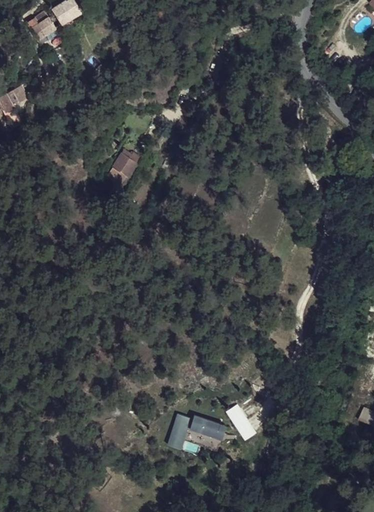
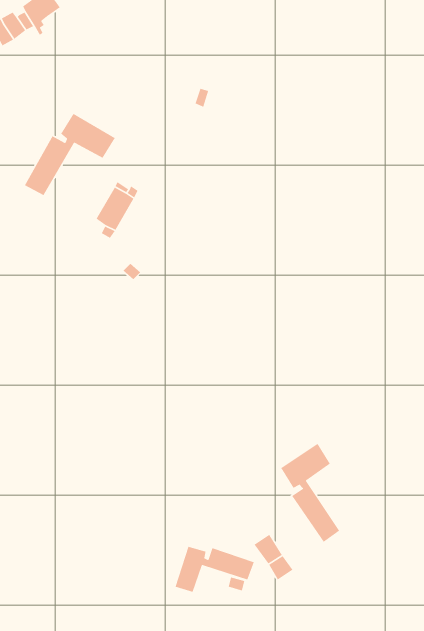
building: none -> [24,113,116,196]
building: none -> [280,443,340,543]

